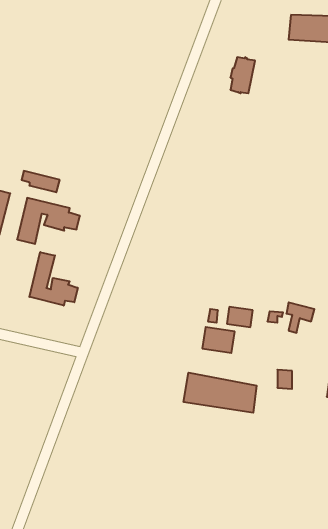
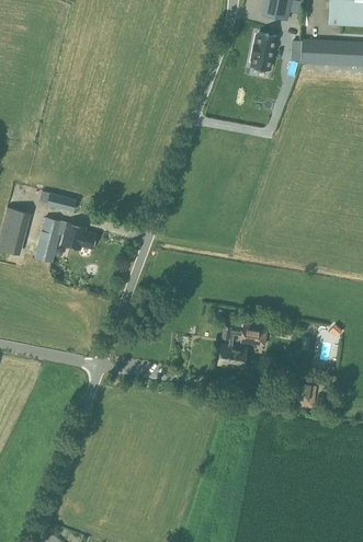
building: [230,57,255,93] -> [253,34,277,69]
building: [29,252,78,306] -> none
building: [184,373,257,413] -> none

